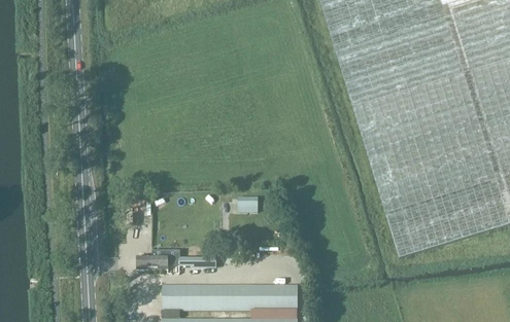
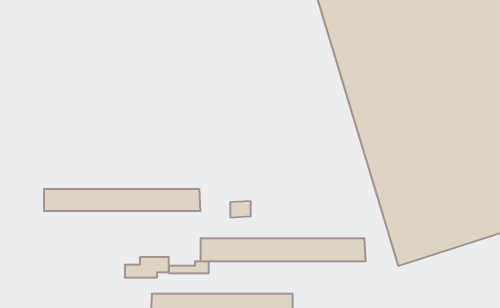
building: none -> [44,189,200,211]
building: none -> [201,238,365,261]

